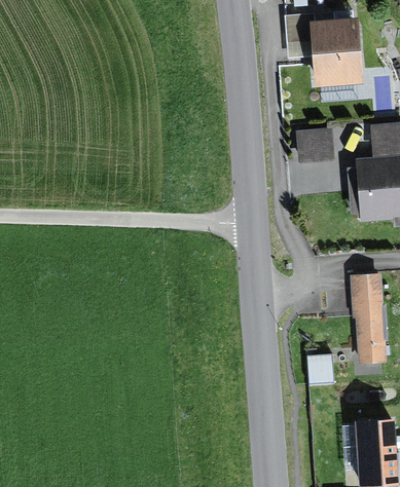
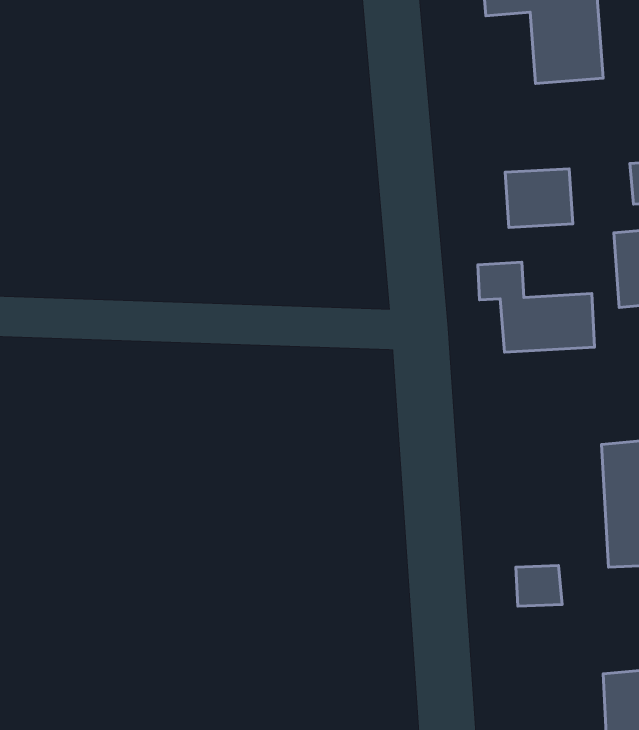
building: none -> [478,262,595,352]

